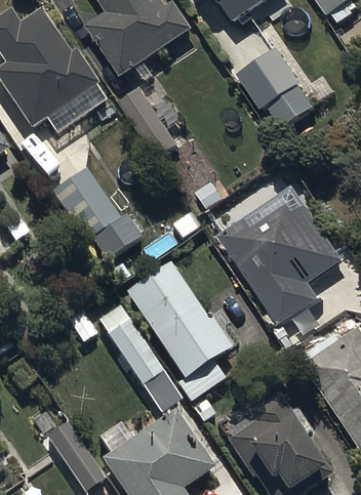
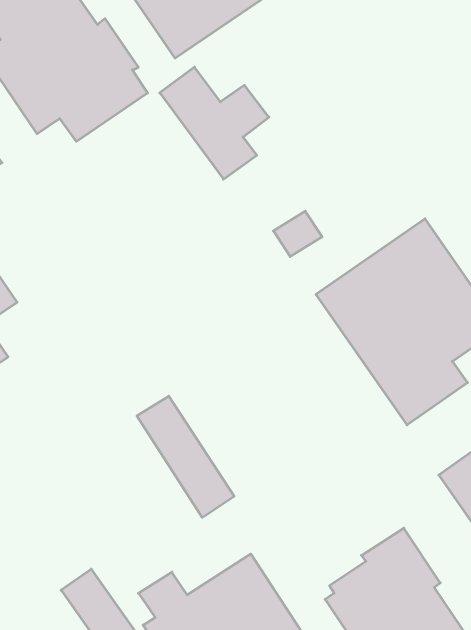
building: [240,47,316,127] -> none
building: [54,164,137,253] -> none
building: [125,261,231,400] -> none

